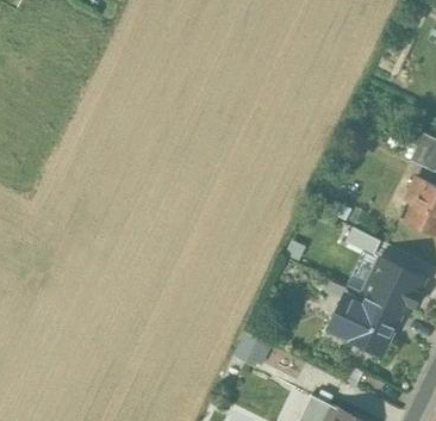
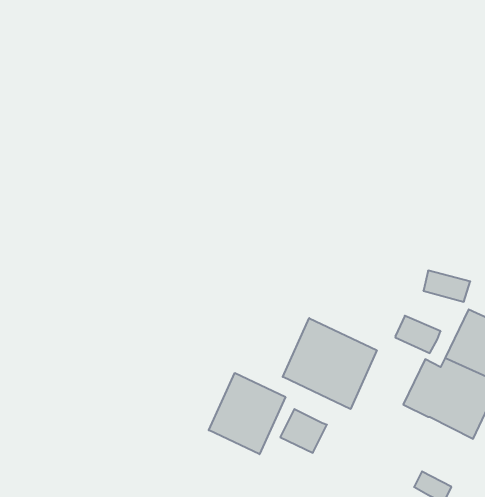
building: none -> [283,318,377,409]
building: none -> [209,373,285,454]

